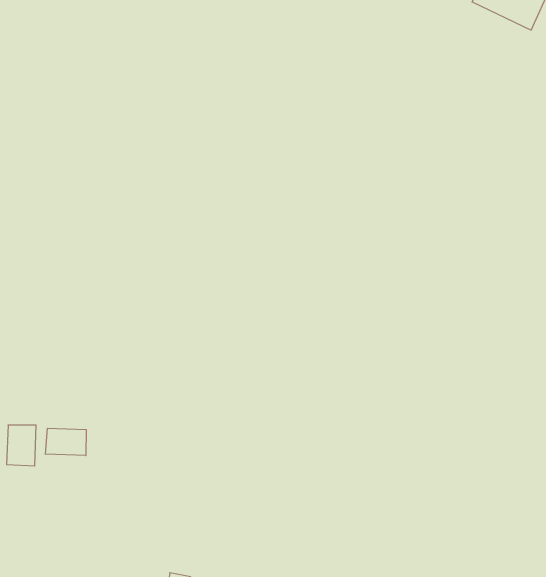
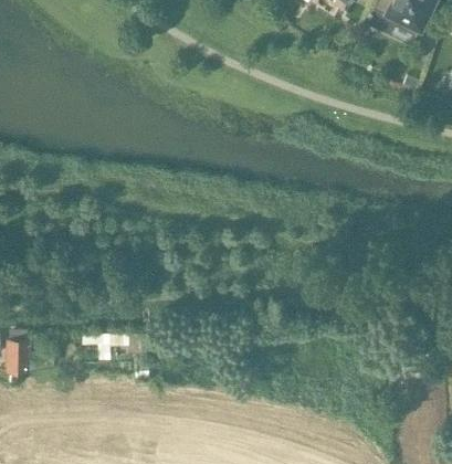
building: [46,428,86,456] -> none

